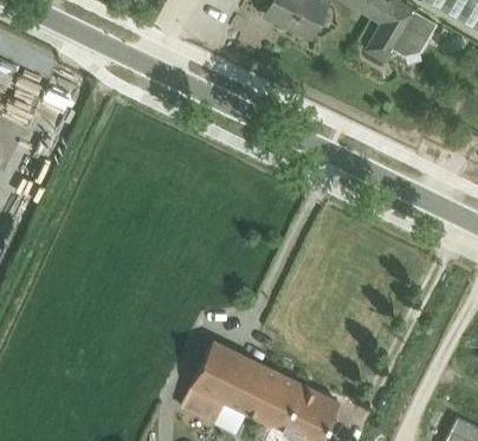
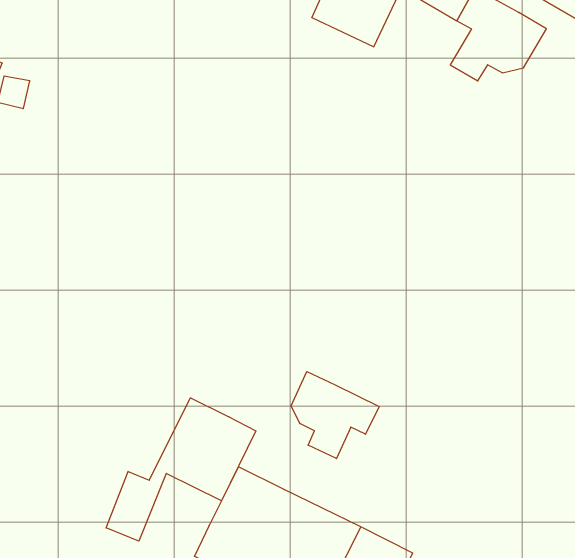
building: none -> [291,372,379,459]
building: none -> [106,398,256,541]

